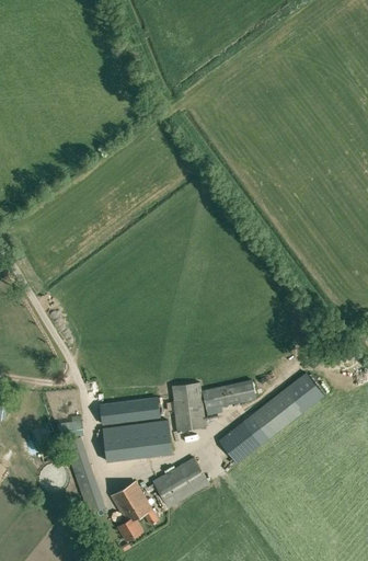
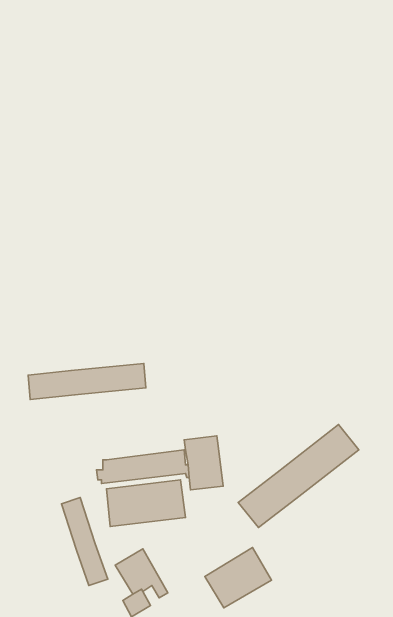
building: none -> [28,364,146,399]
building: [202,381,255,415] -> none
building: [151,457,209,510] -> [205,548,271,608]

